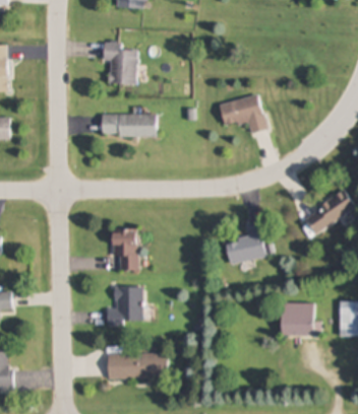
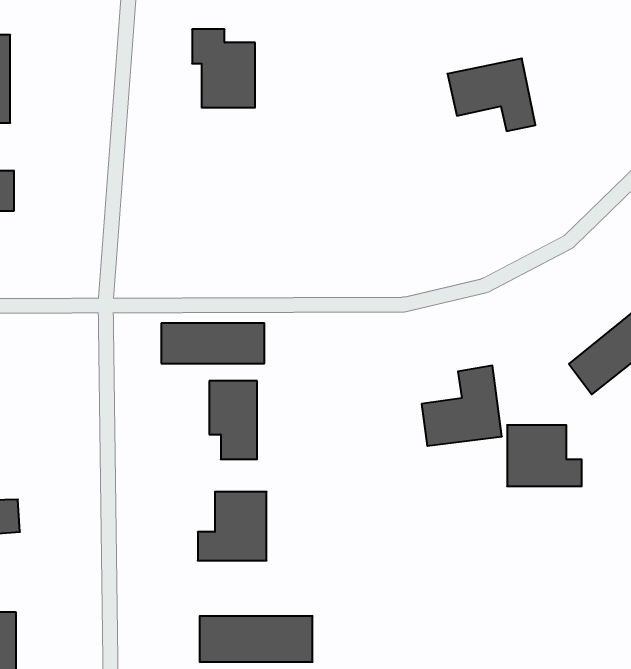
building: [219,95,265,134] -> [447,58,535,131]
building: [101,115,156,136] -> [161,323,264,363]
building: [281,303,320,336] -> [507,425,582,486]

